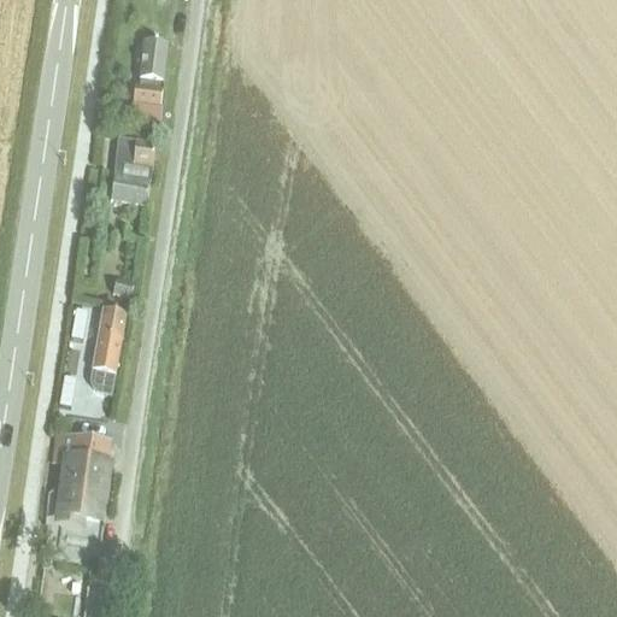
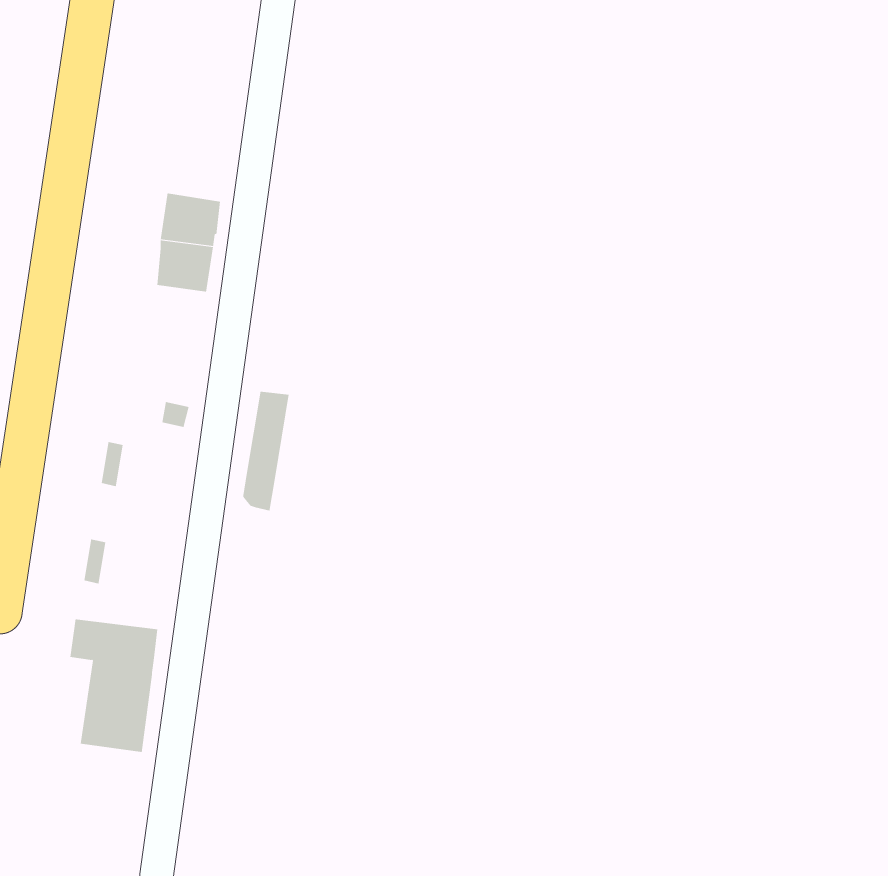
building: [133,28,166,119] -> none
building: [90,308,123,392] -> [242,391,289,511]

